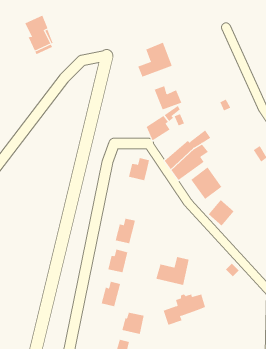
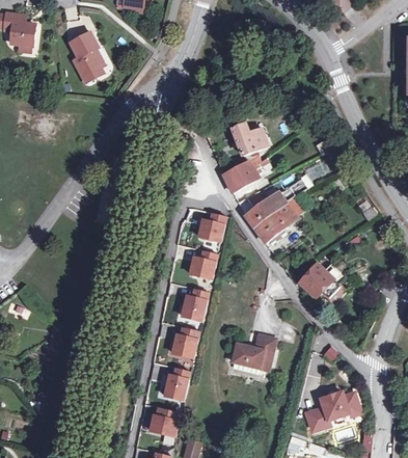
building: [138,42,172,78] -> none
building: [191,167,222,200] -> none
building: none -> [191,249,219,278]
building: [163,294,206,325] -> [308,394,362,433]
building: [121,312,145,334] -> [152,407,181,435]

